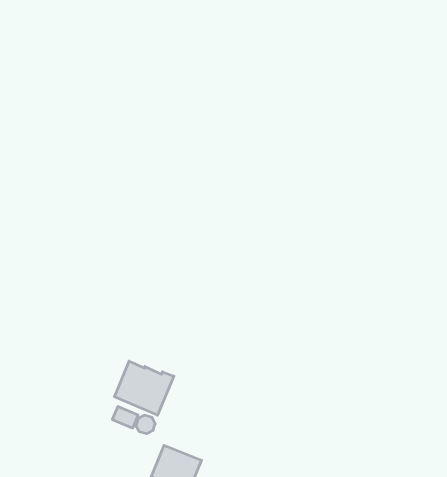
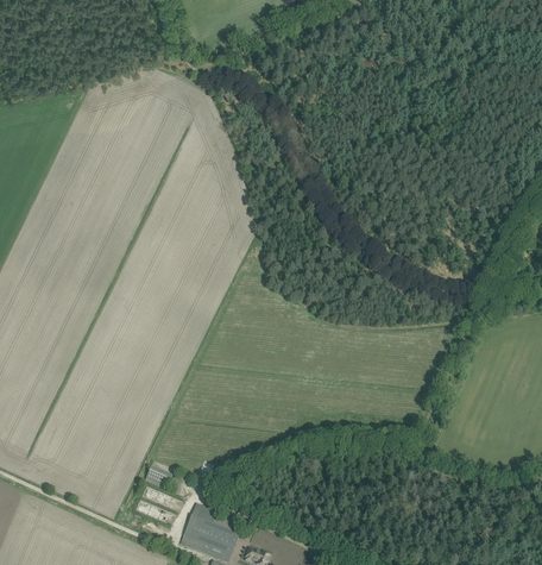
building: [114,361,174,415] -> none

